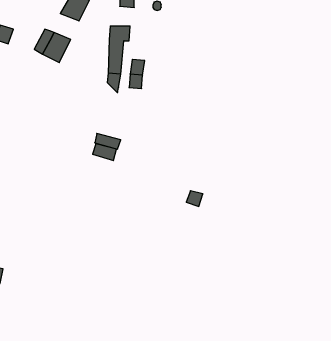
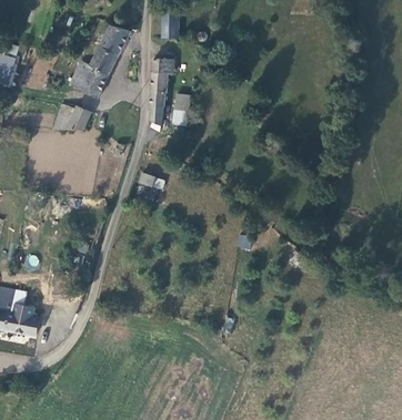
building: none -> [89,45,119,73]
building: none -> [53,105,90,130]

